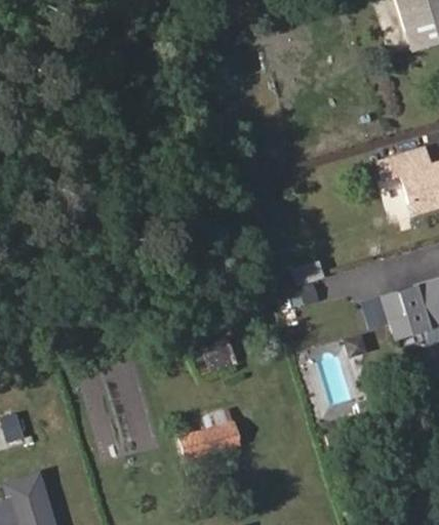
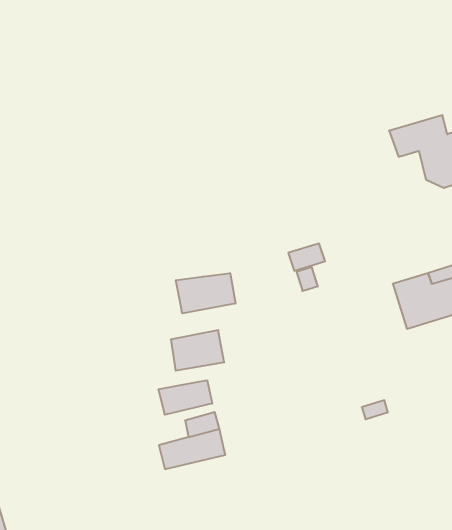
building: none -> [176,273,235,313]
building: none -> [159,380,212,415]

